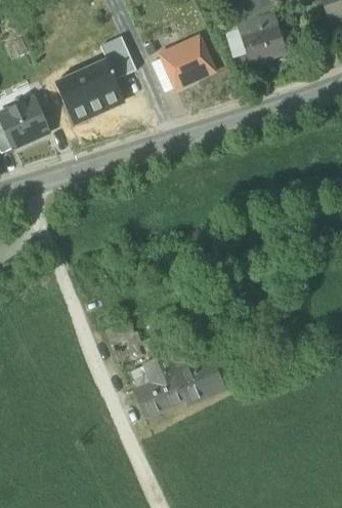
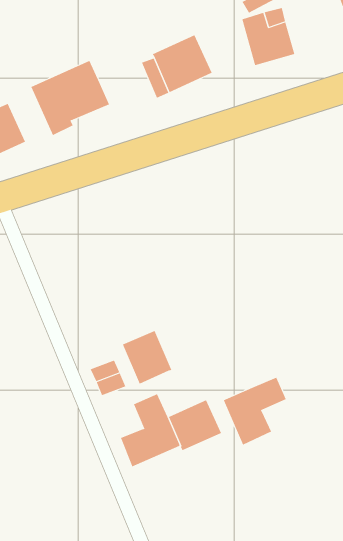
building: [99,36,135,79] -> none
building: none -> [122,330,172,385]
building: none -> [223,377,287,446]

